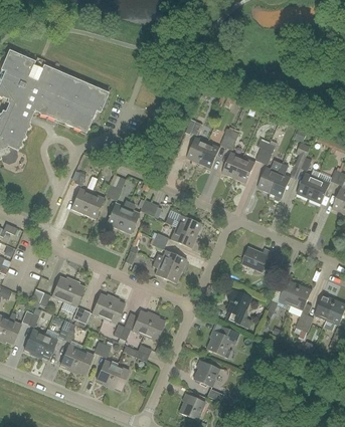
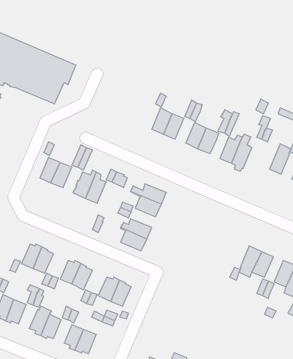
building: [295,169,319,199] -> none
building: [241,247,277,271] -> none
building: [225,288,250,329] -> none
building: [205,323,238,359] -> none
building: [192,360,218,387] -> none

